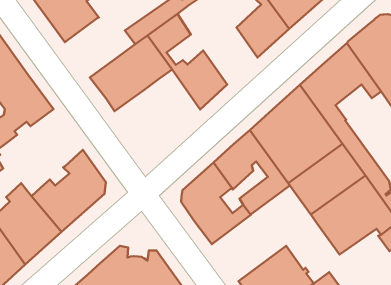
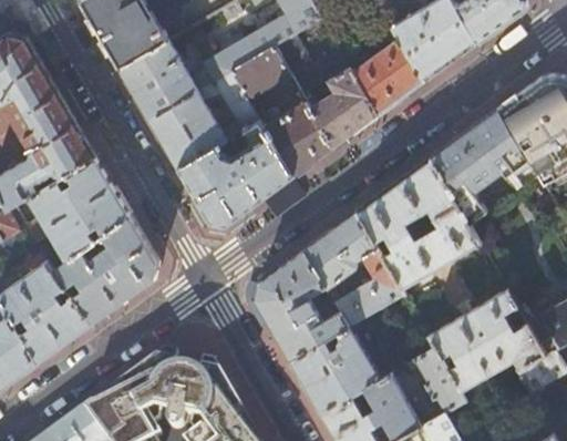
building: none -> [275,35,377,147]
building: none -> [120,41,197,120]
building: none -> [177,120,292,226]
building: none -> [25,157,130,261]
building: none -> [290,325,391,413]
building: none -> [404,346,465,413]

